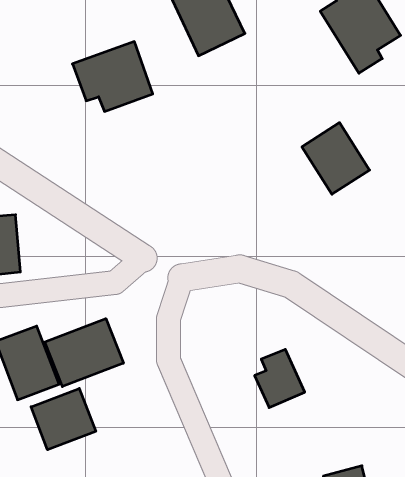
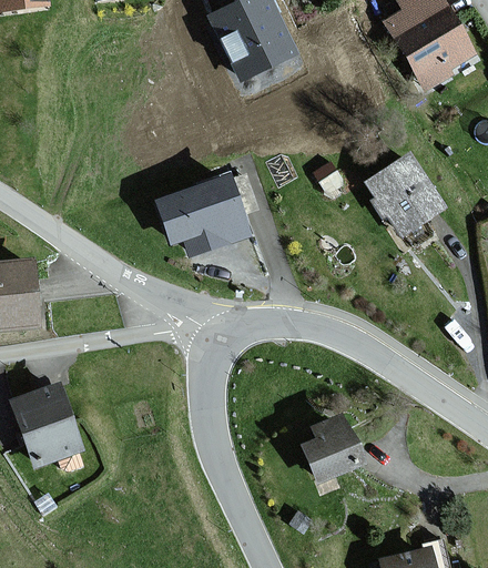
building: [72,42,153,111] -> [154,175,246,255]
building: [45,319,123,387] -> none
building: [31,388,96,450] -> none

